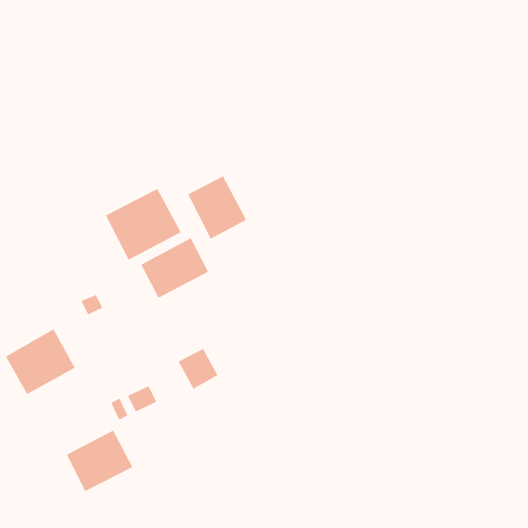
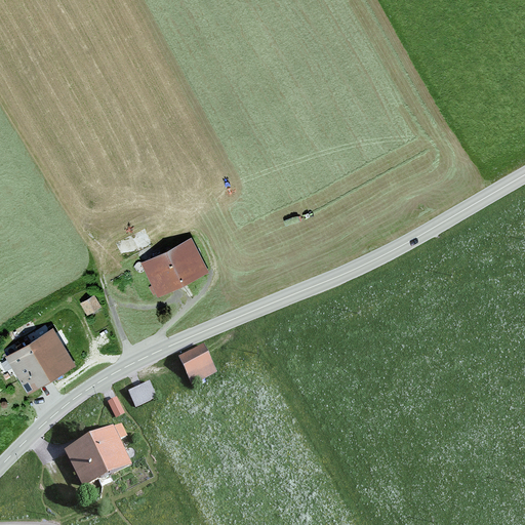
building: [187,175,247,239] -> none
building: [105,188,182,261] -> none

